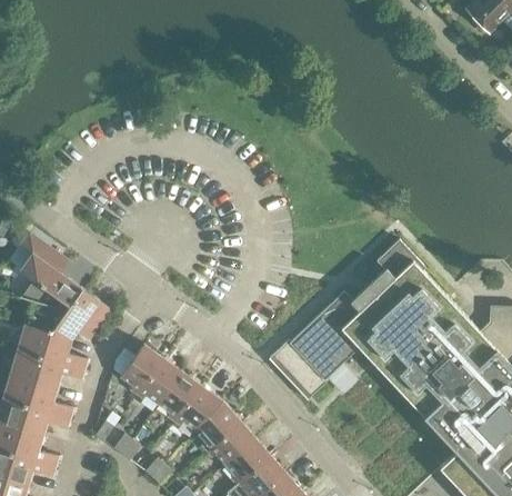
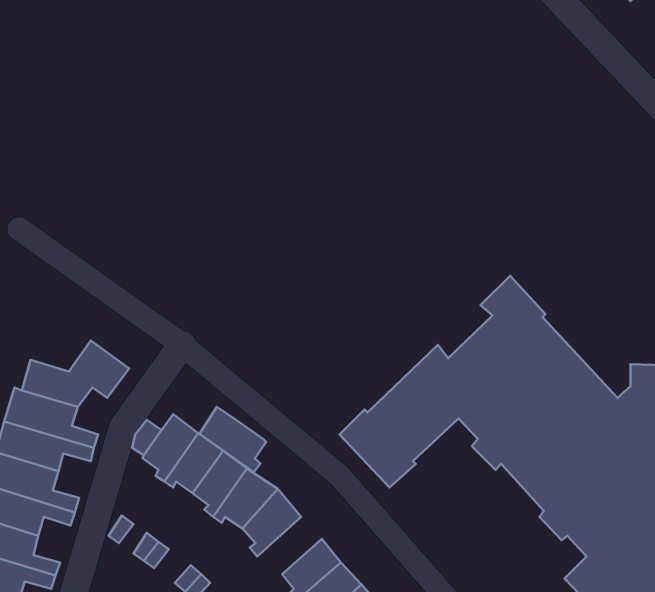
building: [21,234,82,313] -> none
building: none -> [200,407,266,472]
building: [208,423,257,466] -> none

